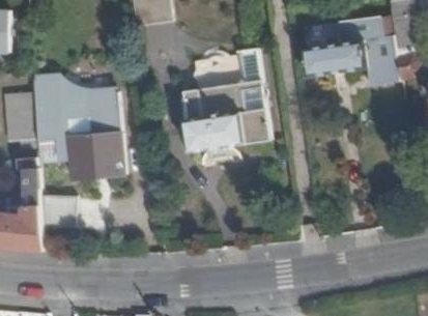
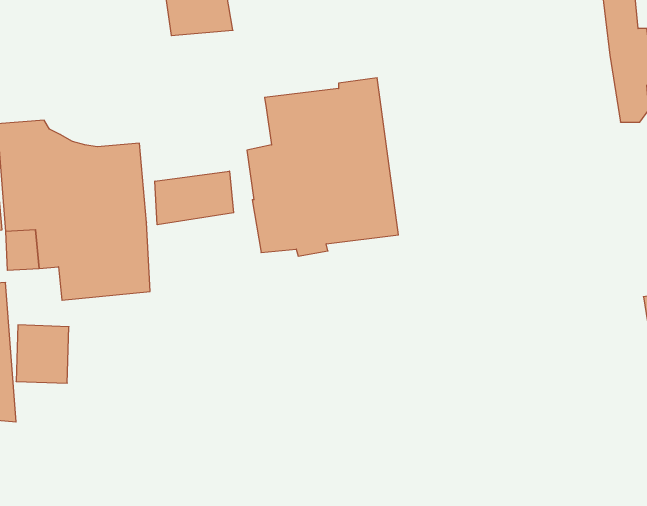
building: [304,15,399,83] -> none
building: none -> [155,171,234,225]

